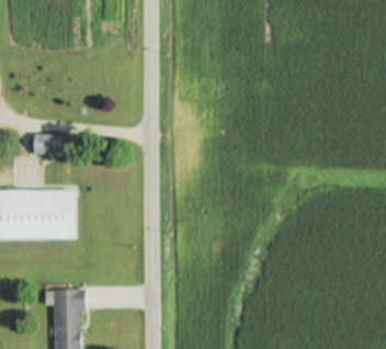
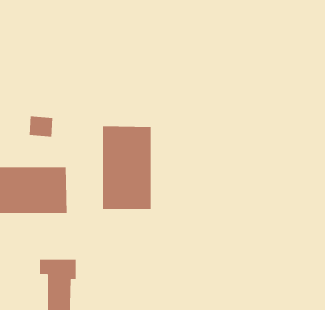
building: none -> [102,126,151,210]

